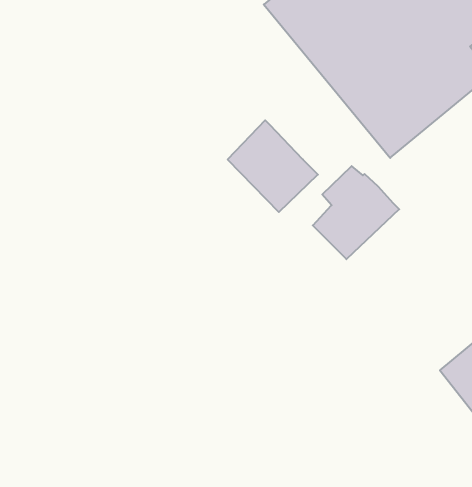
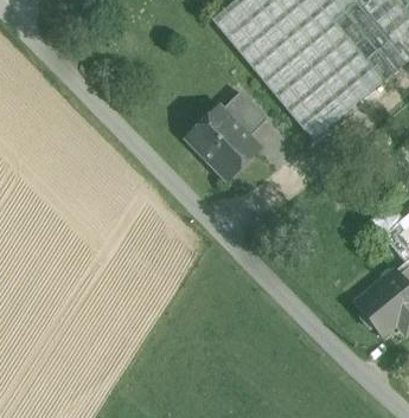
building: none -> [219,91,264,137]
building: [313,166,399,259] -> none

